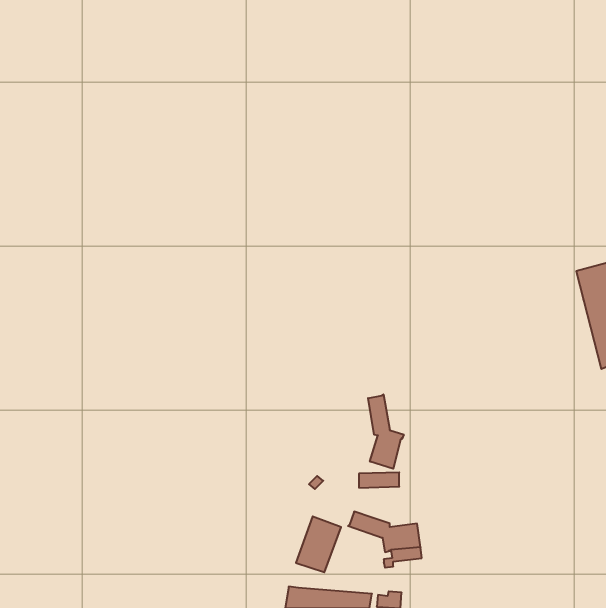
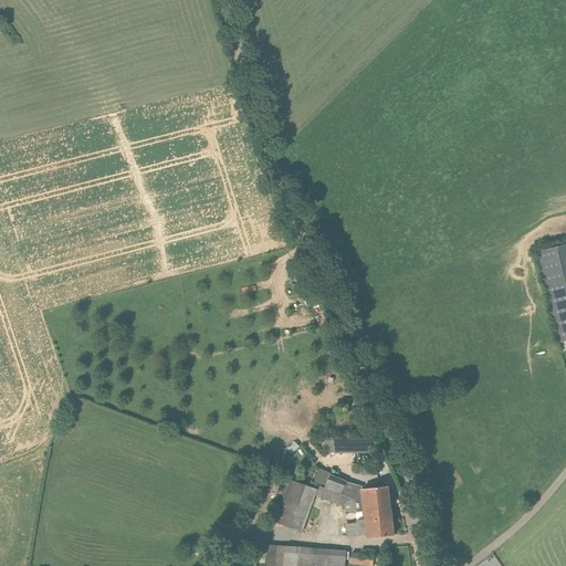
building: [368,394,404,469] -> none
building: none -> [317,486,359,514]
building: none -> [347,518,395,538]

